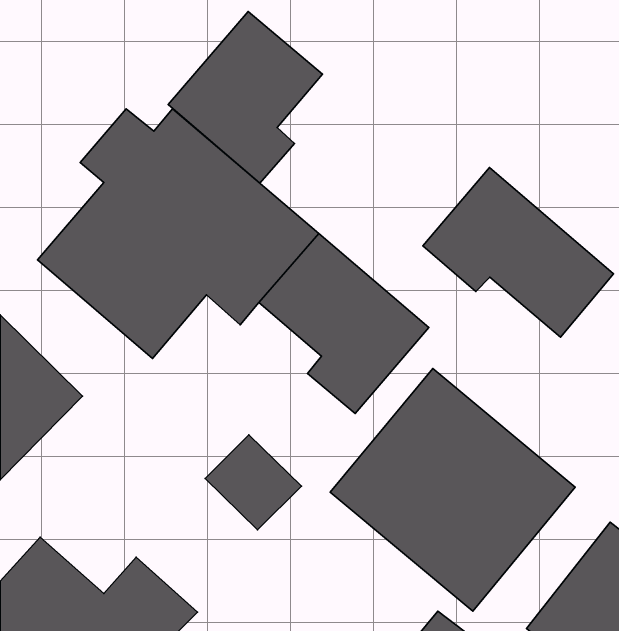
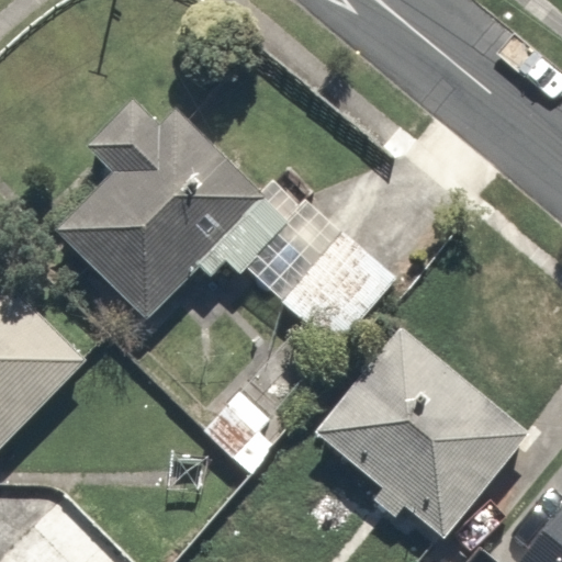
building: [168,12,322,183] -> none
building: [423,168,614,337] -> none

